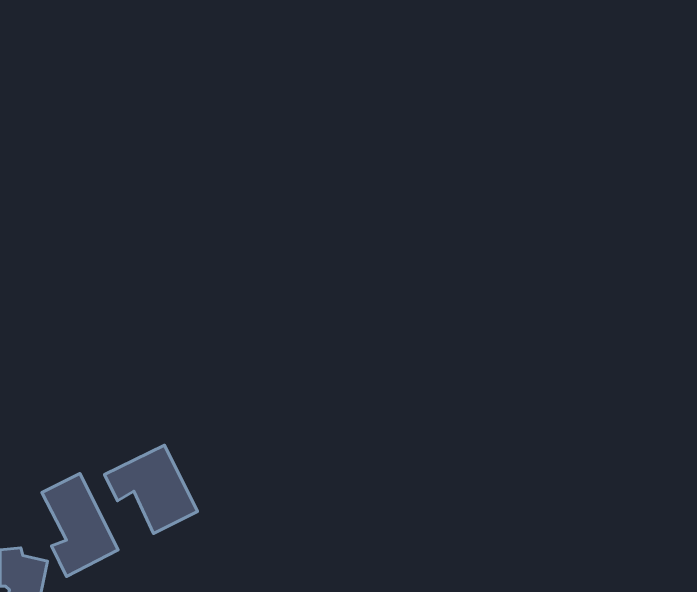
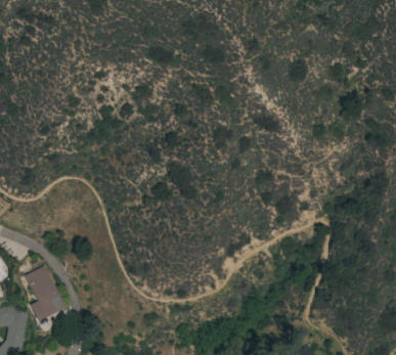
building: [104,445,198,533] -> none

